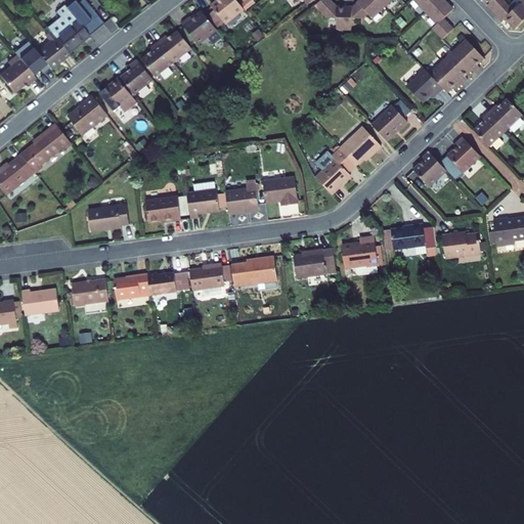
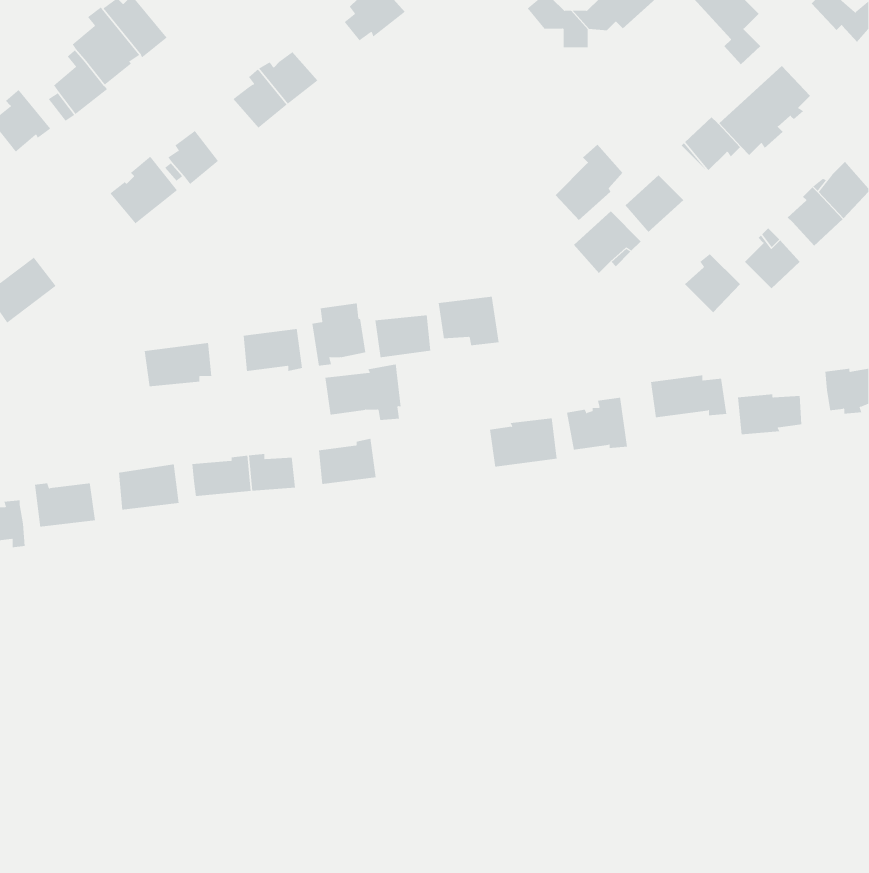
building: [179,10,216,44] -> none
building: [120,58,152,94] -> none
building: [20,123,71,172] -> none
building: [317,146,358,192] -> [555,144,623,221]
building: [231,254,277,288] -> [325,364,402,420]

